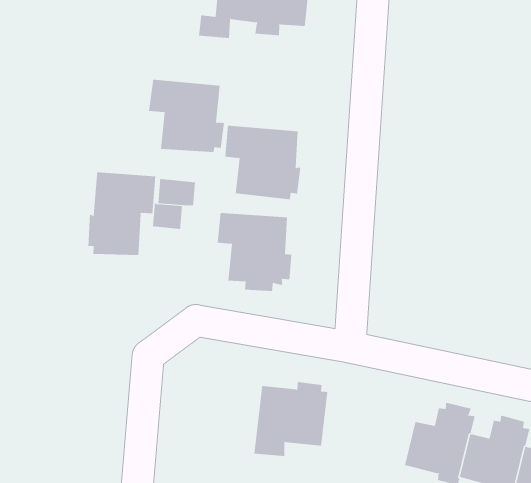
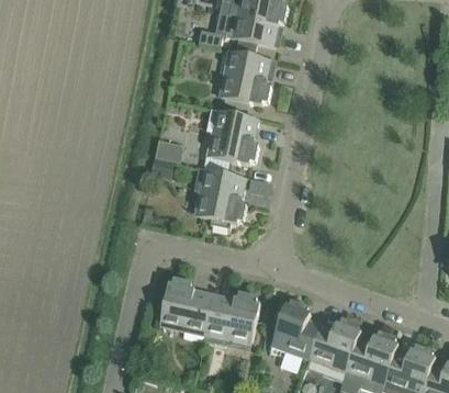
building: [148,79,225,152] -> [218,48,271,104]
building: [88,172,156,256] -> none
building: none -> [157,278,214,339]
building: none -> [268,300,318,359]

